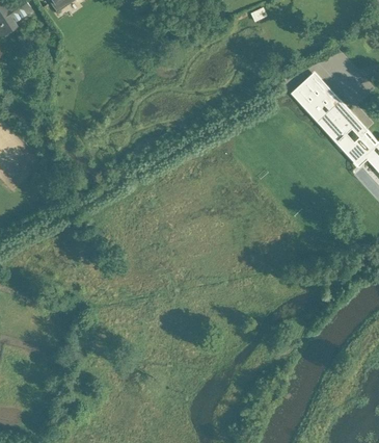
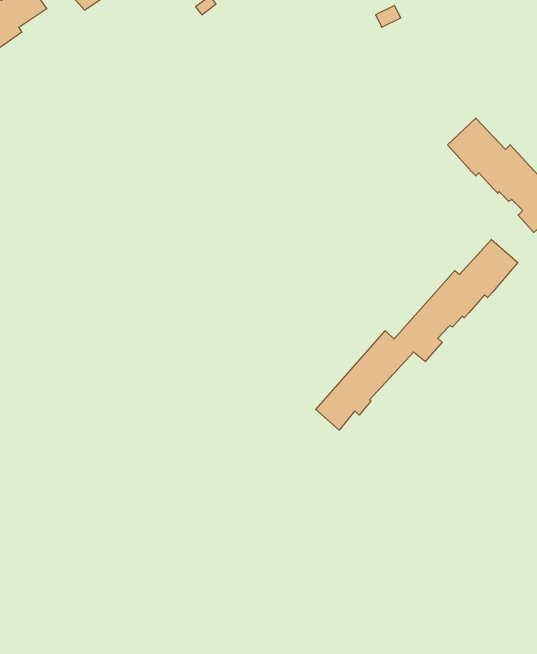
building: none -> [316,239,518,430]

